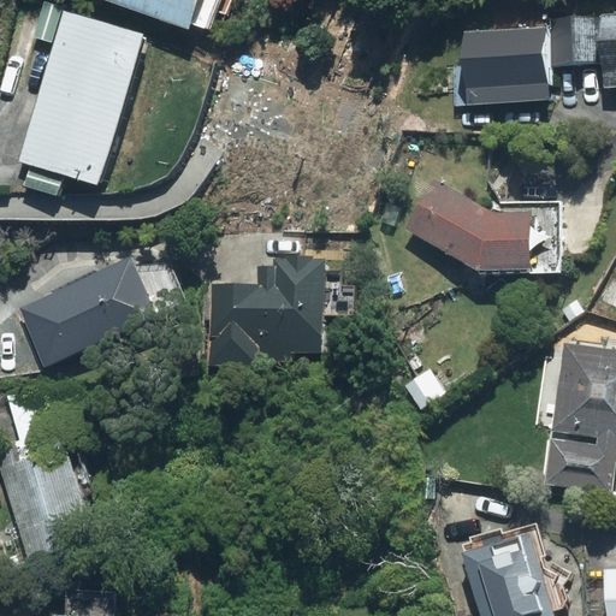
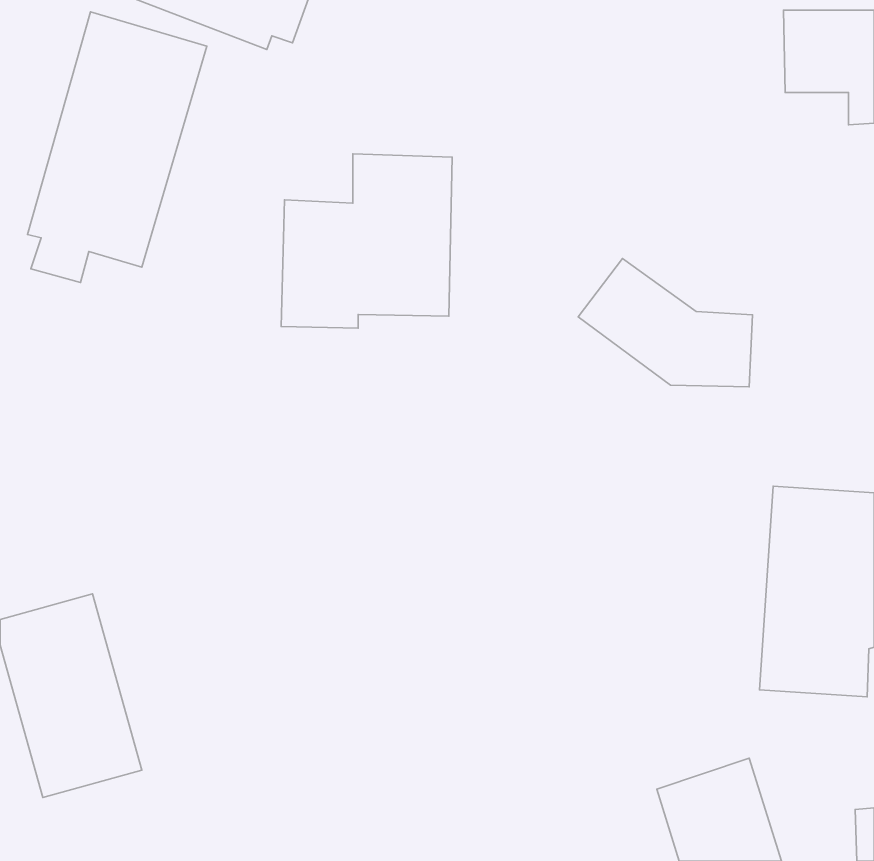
building: [456,23,551,103] -> none
building: [207,248,327,371] -> [281,154,452,328]
building: [18,256,159,368] -> none

